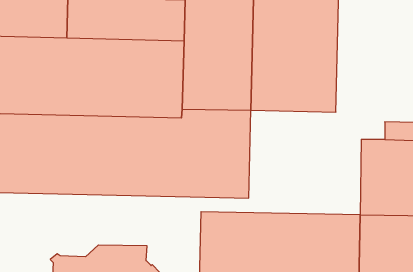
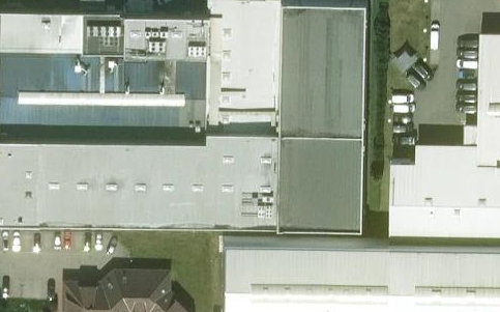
building: none -> [273,134,365,229]

